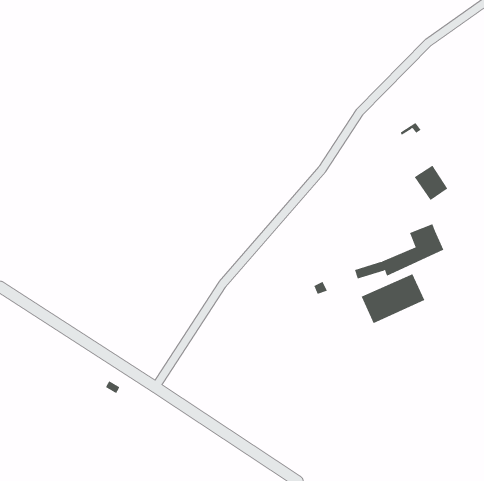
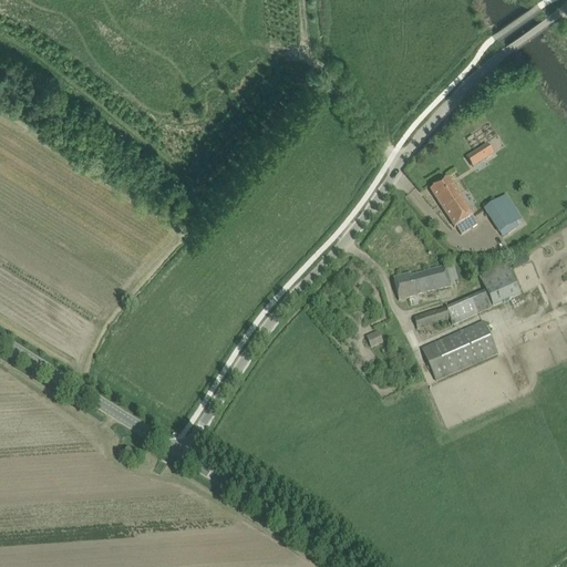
building: none -> [430,176,478,234]
building: none -> [393,265,451,298]

